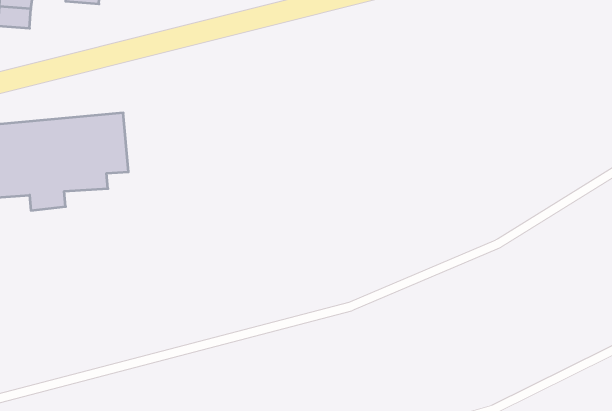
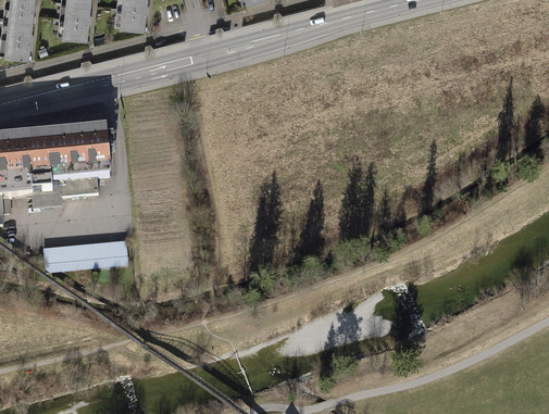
building: none -> [41,242,127,274]

